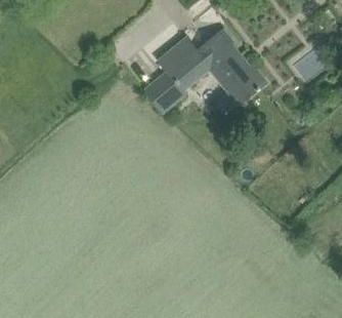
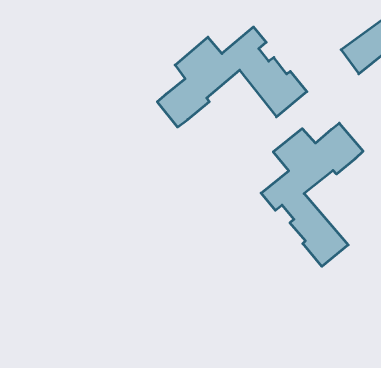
building: none -> [261,123,363,266]

